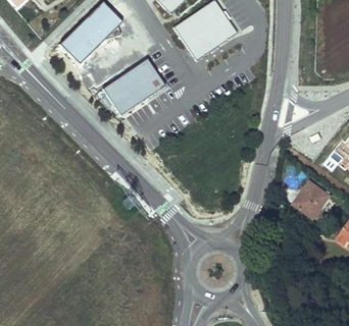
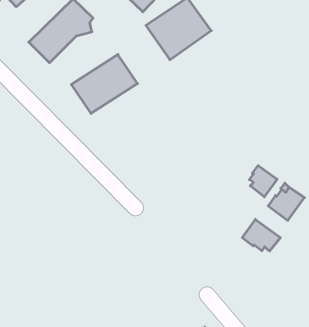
building: none -> [249,166,277,197]
building: none -> [242,219,280,251]

